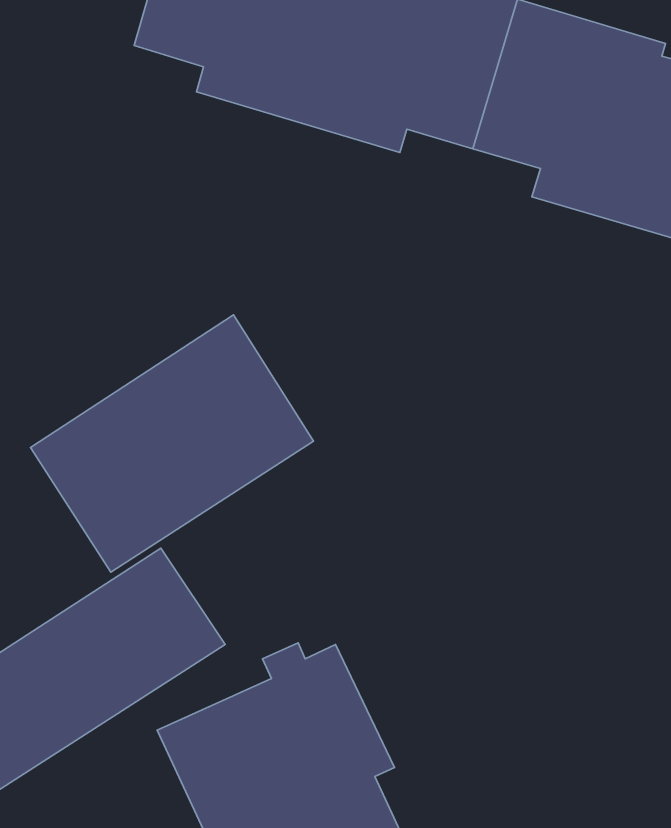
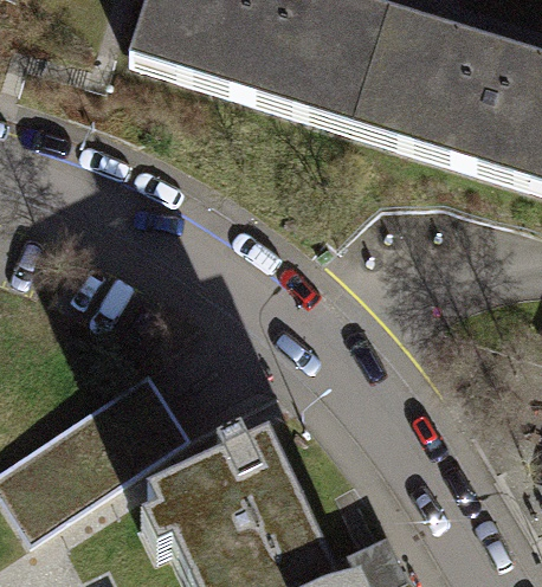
building: [30,315,313,572] -> none

